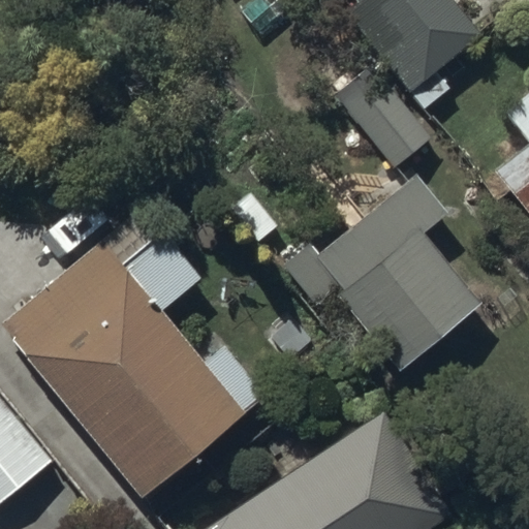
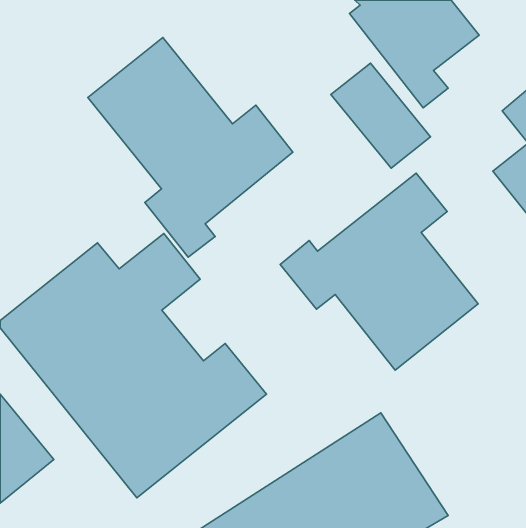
building: none -> [88,37,293,257]

